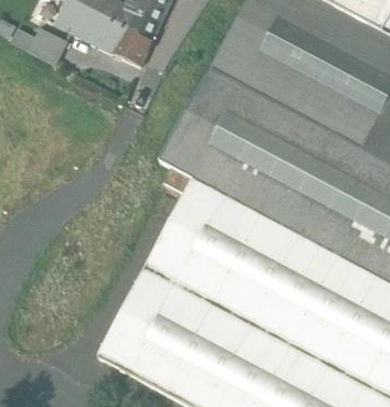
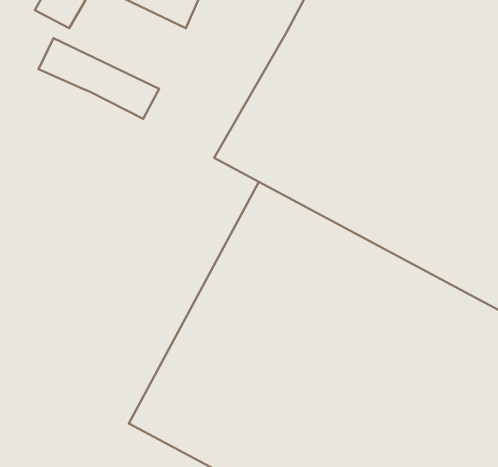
building: none -> [38,38,159,119]

